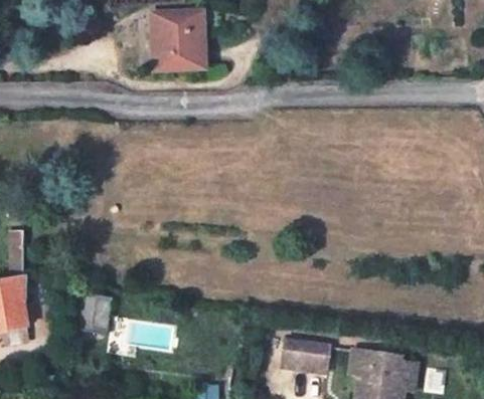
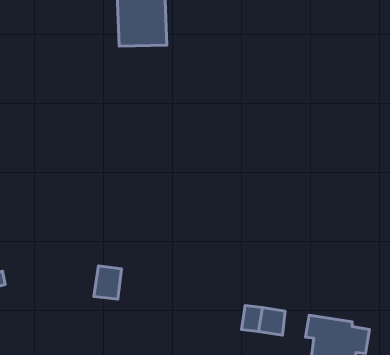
building: [79,295,109,331] -> [94,266,122,299]

